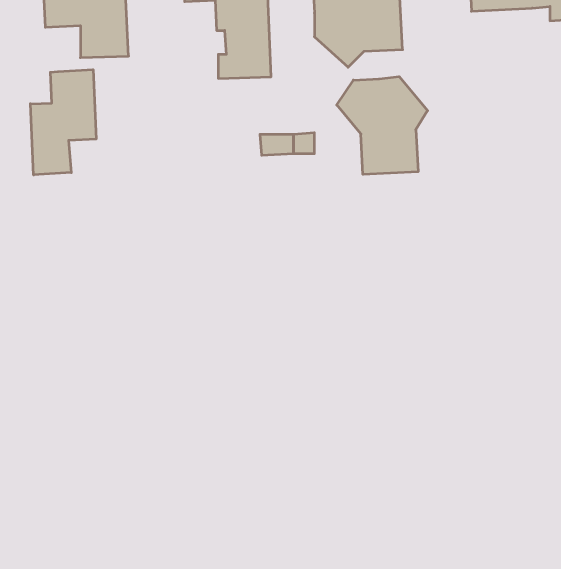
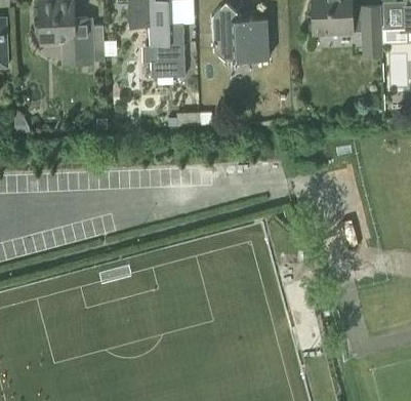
building: [30,70,96,175] -> none
building: [337,77,428,174] -> none

